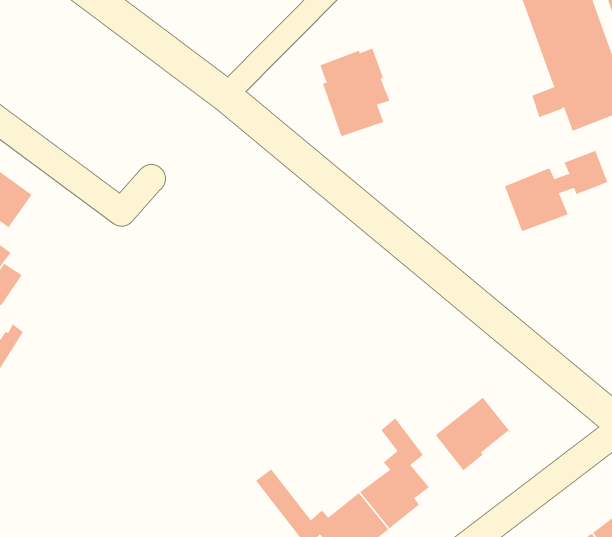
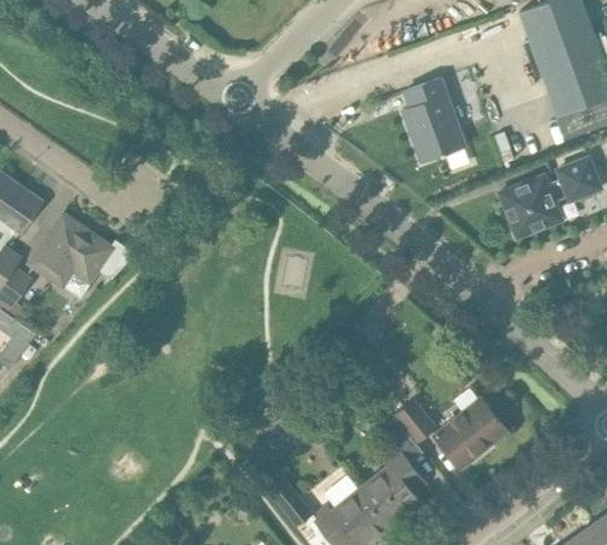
building: [320,48,390,137] -> [401,74,470,161]
building: none -> [29,215,135,286]
building: none -> [393,397,438,453]

